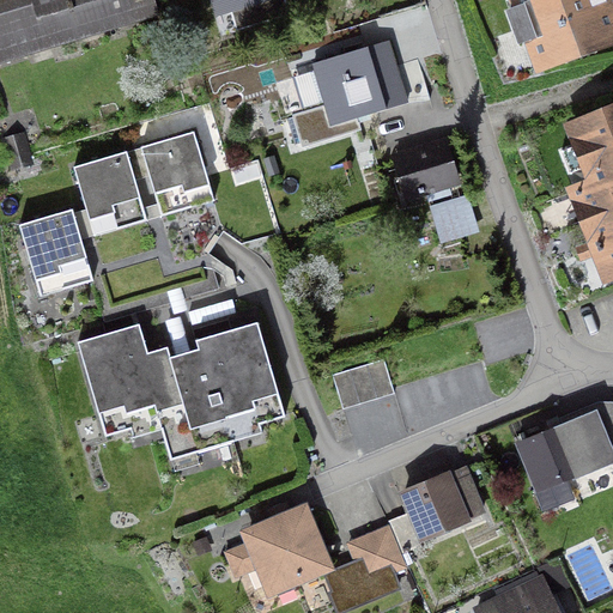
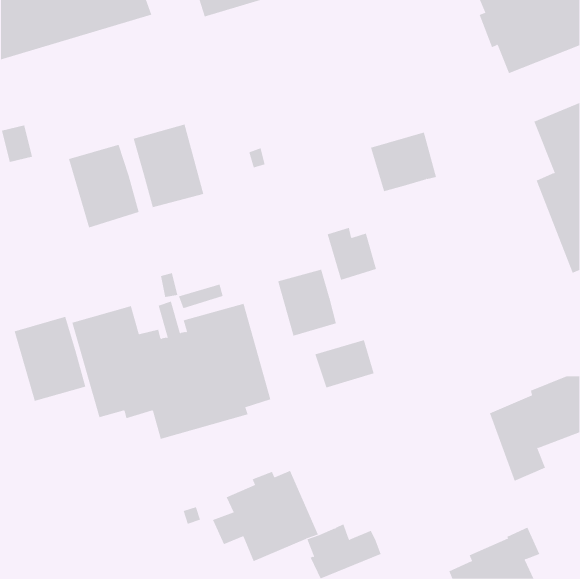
building: [289,43,409,151] -> none
building: [426,189,479,245] -> [327,227,377,281]
building: [18,210,95,299] -> [14,316,86,401]
building: none -> [277,269,337,336]
building: [397,460,486,535] -> none
building: [346,521,407,569] -> none

